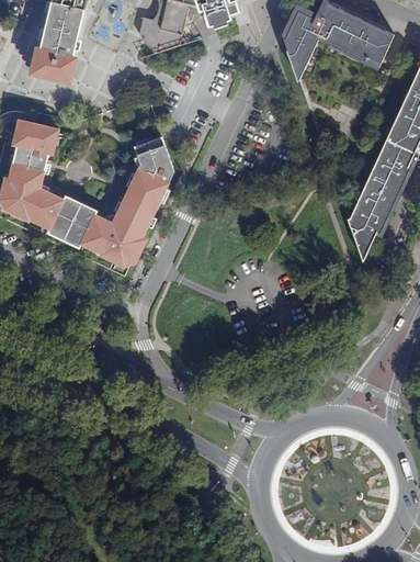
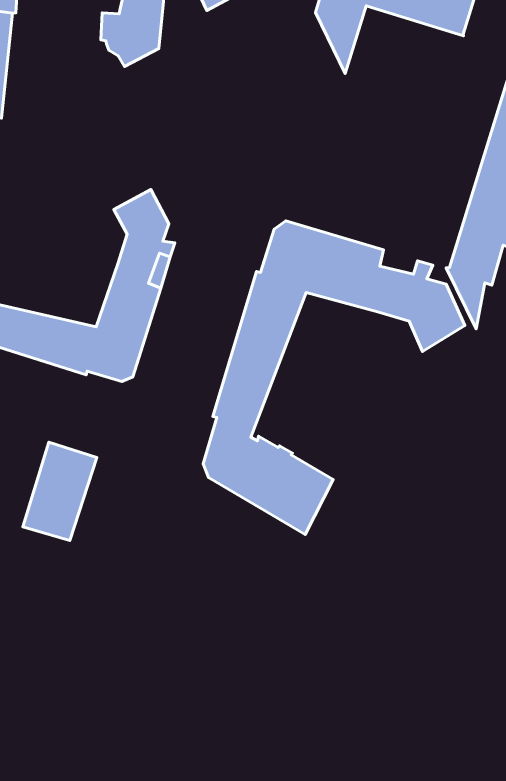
building: none -> [203,221,465,534]
building: none -> [23,442,97,541]

